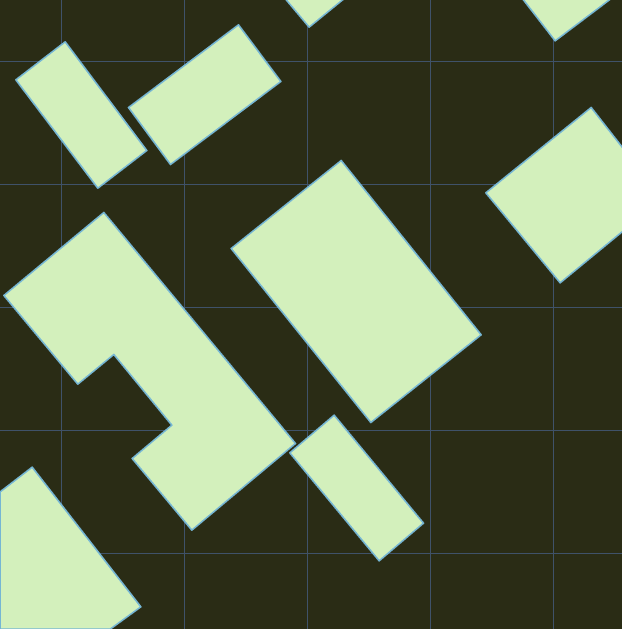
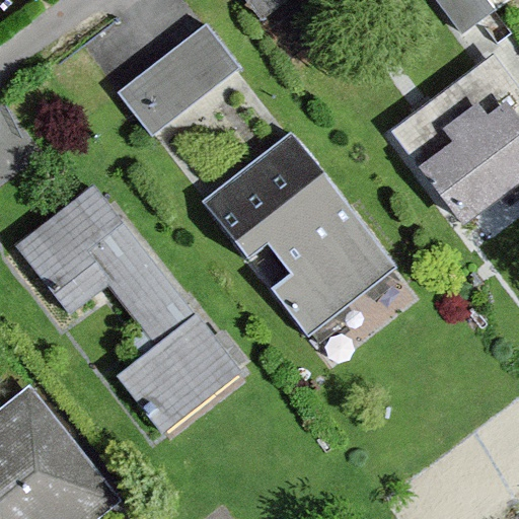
building: [16,42,147,188] -> none
building: [290,415,424,561] -> none

